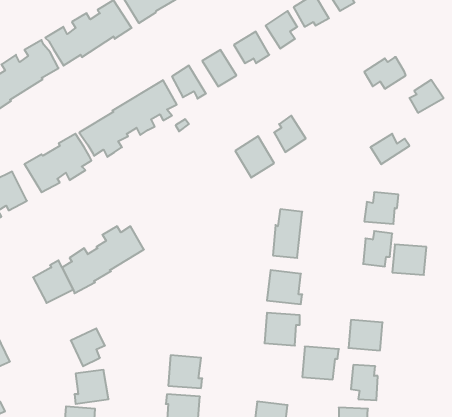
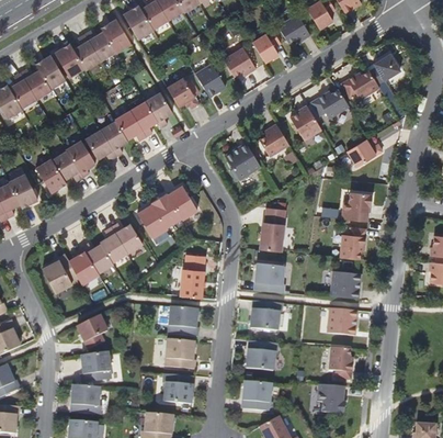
building: none -> [310,89,349,117]
building: [409,80,444,113] -> [370,54,400,83]
building: none -> [289,104,321,141]
building: none -> [137,184,197,237]
building: [392,244,426,275] -> [330,271,361,299]
building: none -> [180,255,205,299]
building: none -> [167,306,197,337]
building: [302,347,339,379] -> [247,341,280,371]

